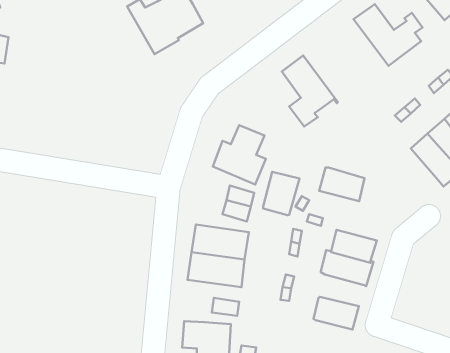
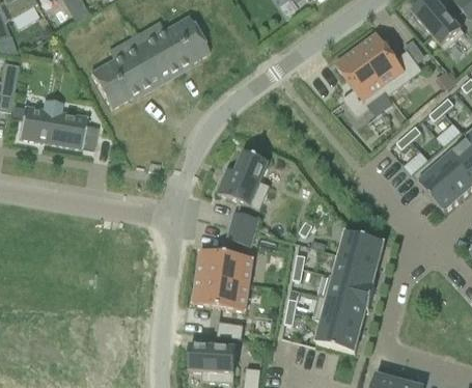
building: none -> [90,34,161,107]
building: [282,56,338,127] -> [335,47,390,116]
building: none -> [18,99,98,147]
building: [319,167,365,201] -> [339,230,384,264]
building: [263,172,299,215] -> none
building: none -> [312,293,366,328]

